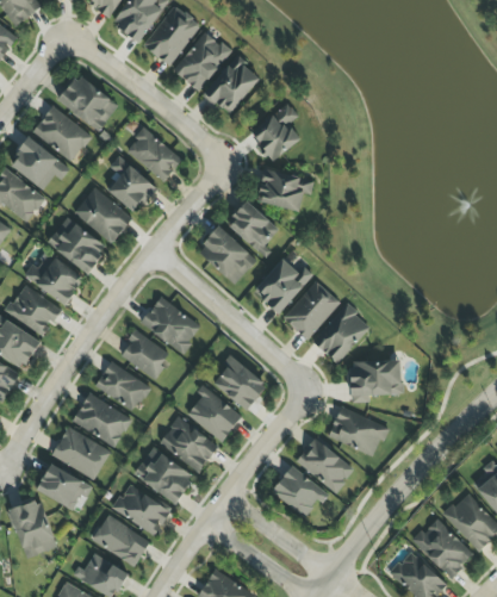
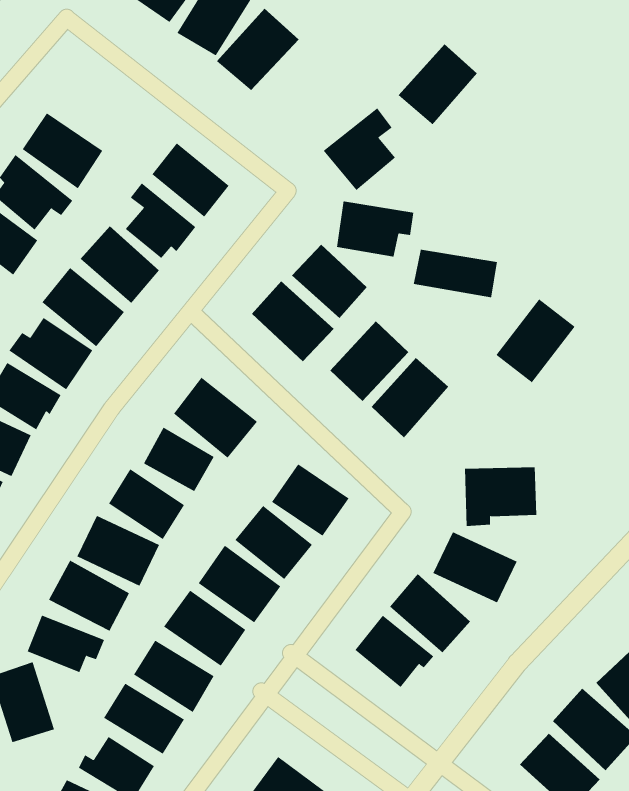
building: [203,55,260,113] -> [398,44,478,125]
building: [56,73,118,131] -> none
building: none -> [413,249,497,298]
building: [312,303,369,363] -> [496,298,575,383]

